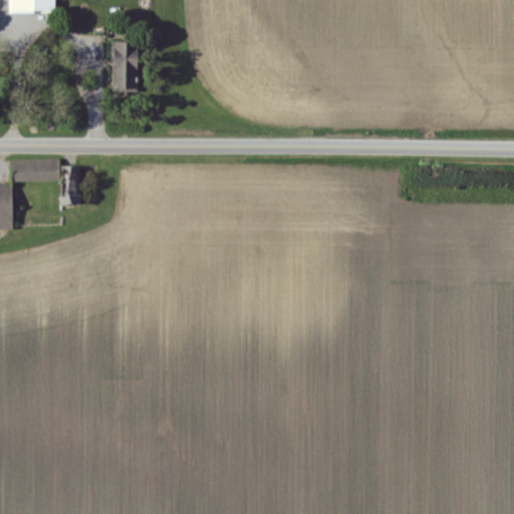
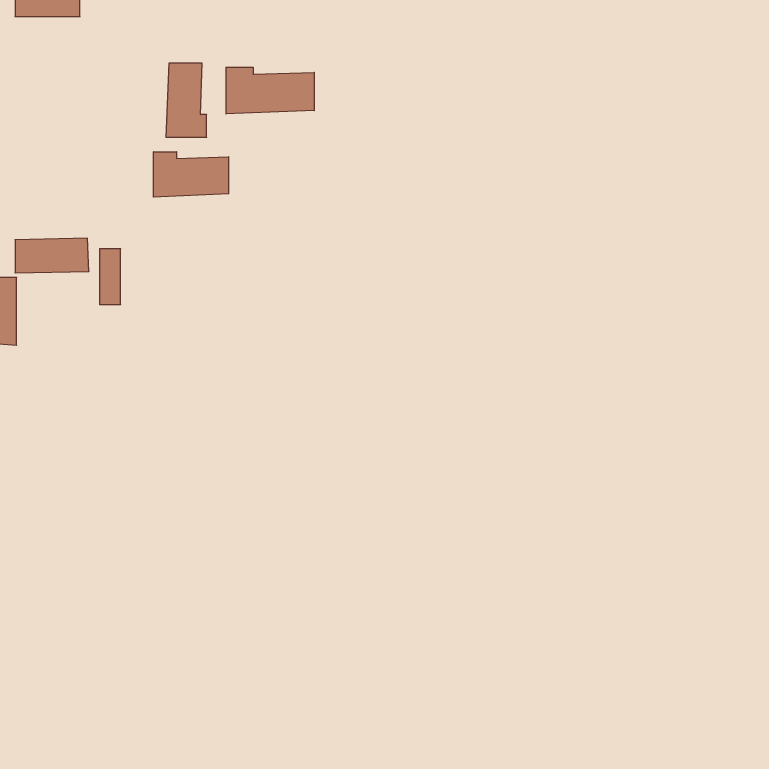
building: none -> [226,67,314,114]
building: none -> [154,152,229,197]

